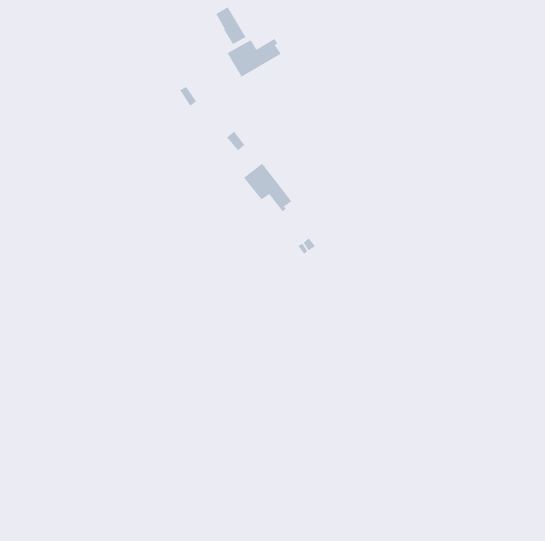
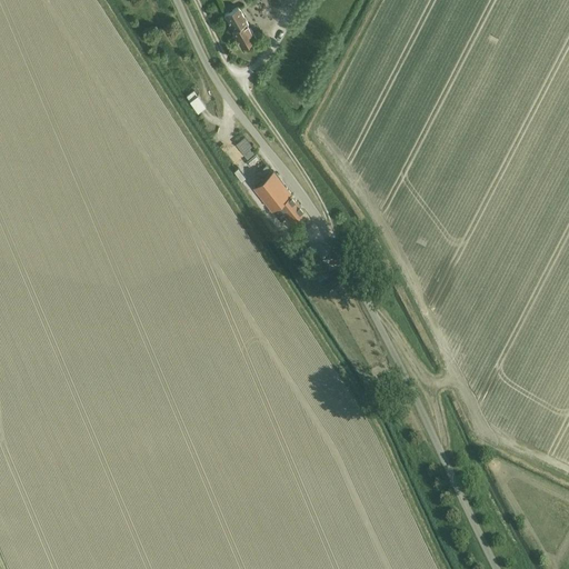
building: [227,39,281,78] -> none

